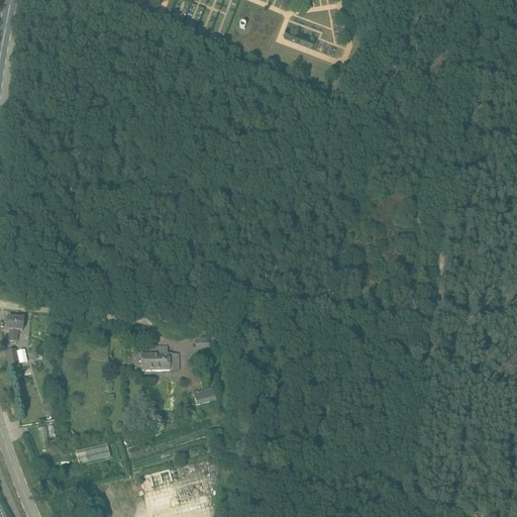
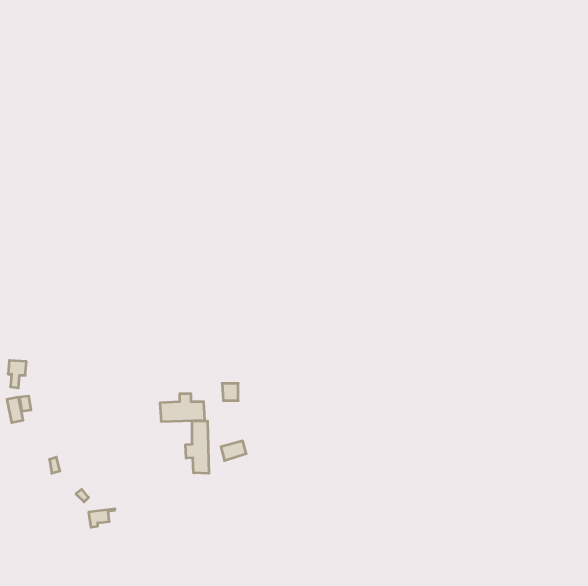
building: none -> [186,421,209,473]

